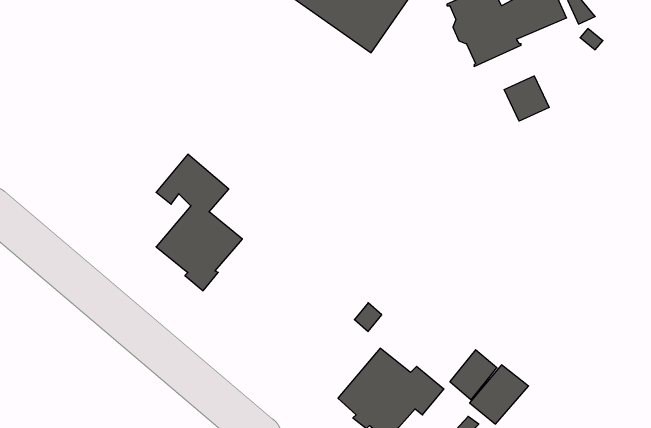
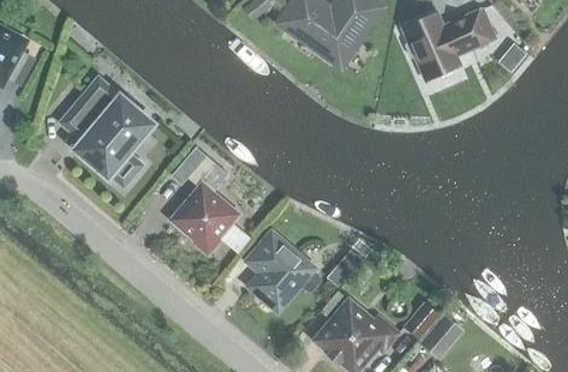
building: none -> [67,79,148,188]
building: [504,76,549,121] -> none
building: none -> [249,234,323,308]

